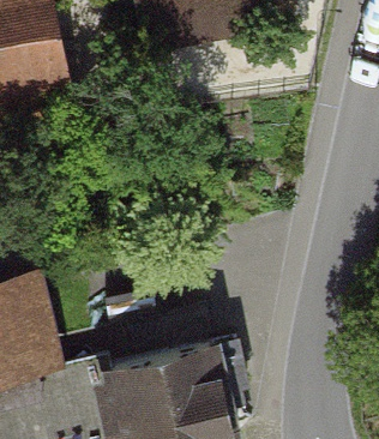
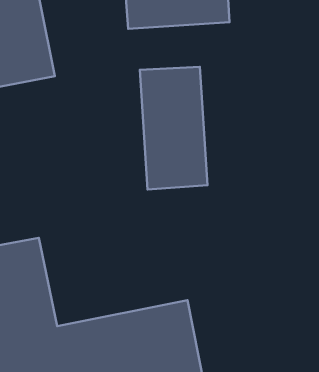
building: none -> [140,67,207,189]

